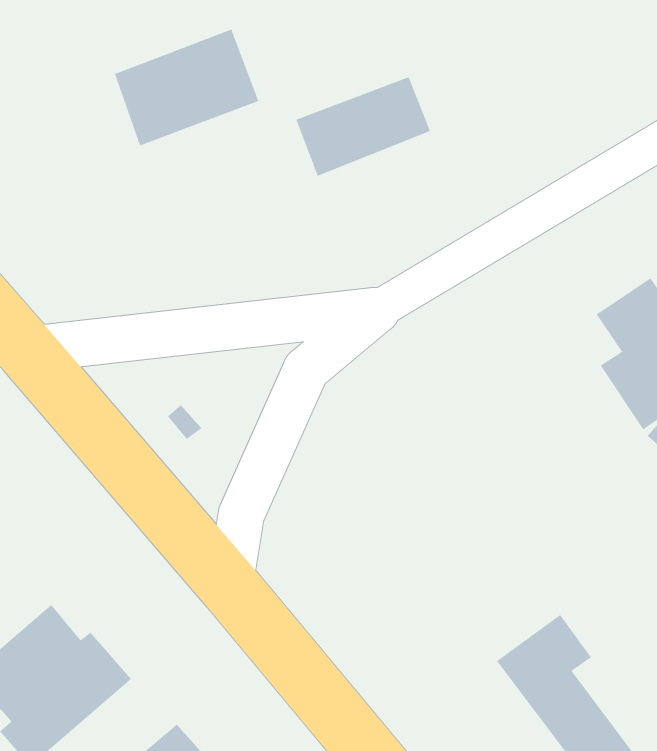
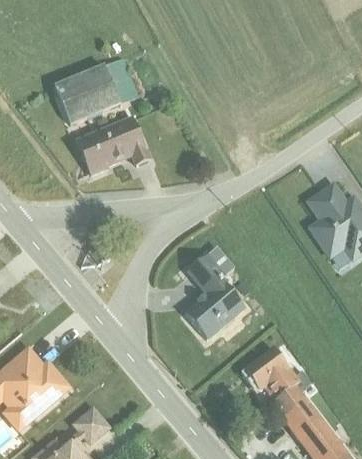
building: [296,76,431,176] -> [76,116,145,167]
building: none -> [181,245,250,343]

